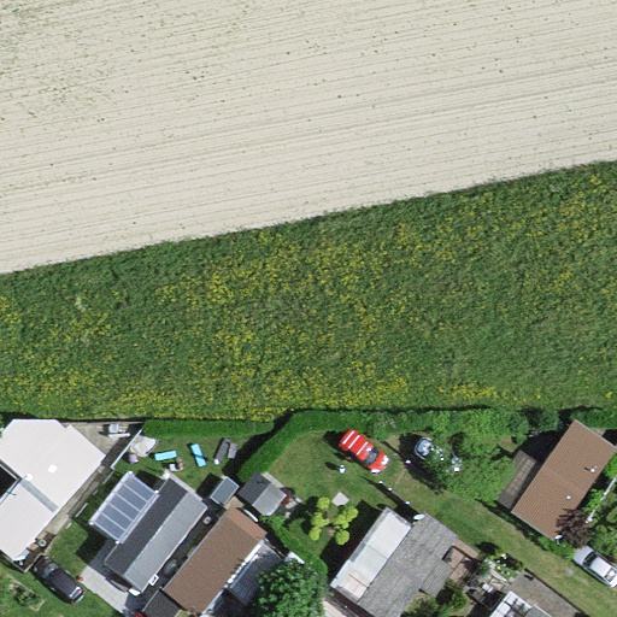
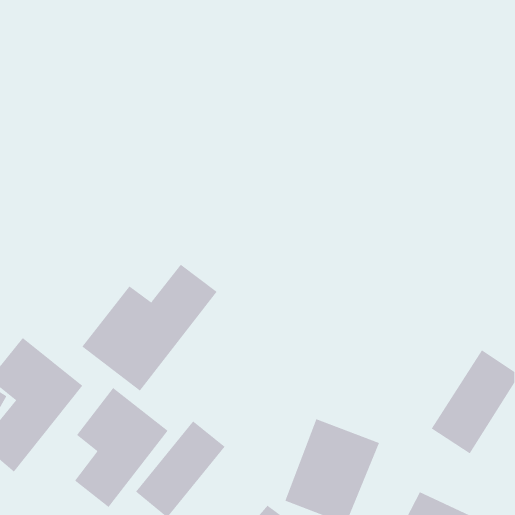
building: none -> [81,264,218,392]

